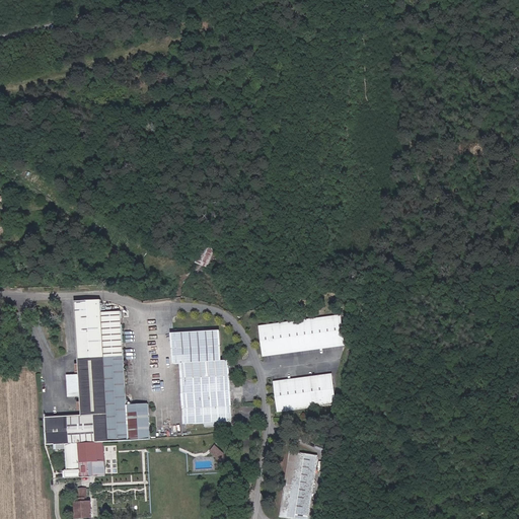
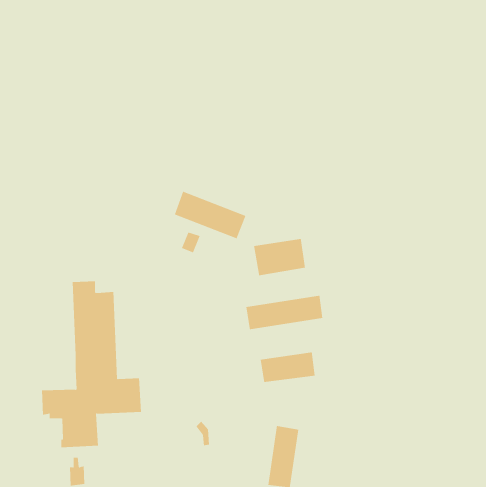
building: none -> [174,191,246,239]
building: none -> [254,238,305,276]
building: [171,328,232,425] -> none

